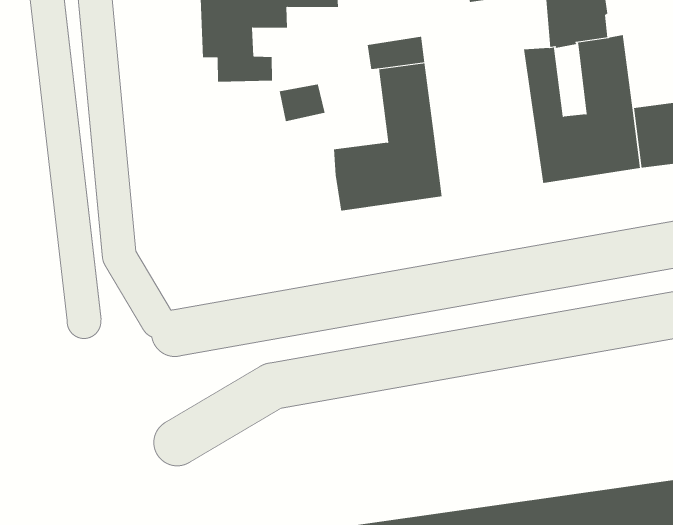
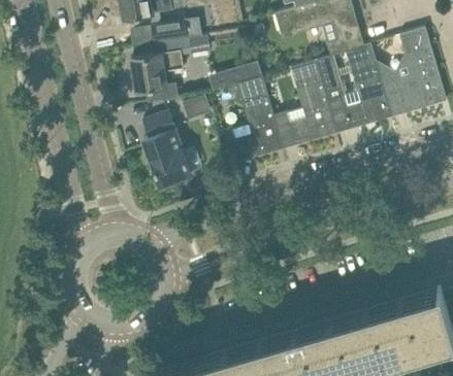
building: none -> [273,60,337,148]
building: none -> [143,112,191,185]

